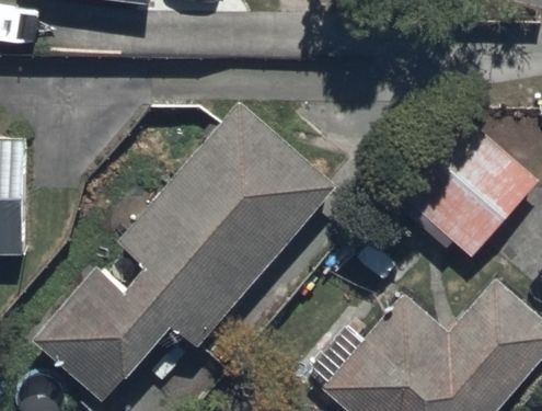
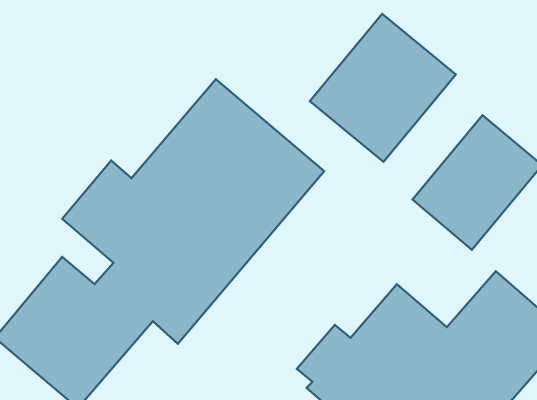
building: none -> [310,14,456,162]

